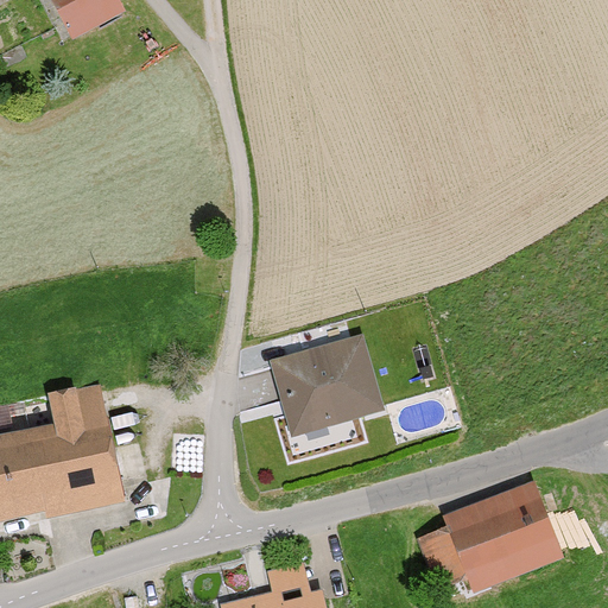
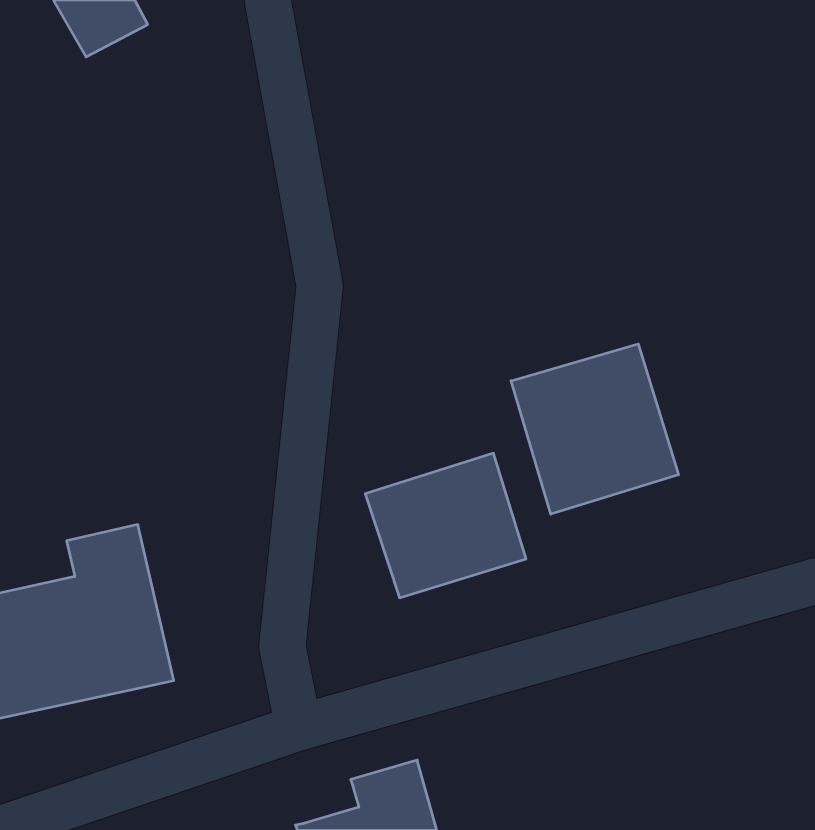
building: none -> [511,344,678,514]
building: [408,480,566,595] -> none

